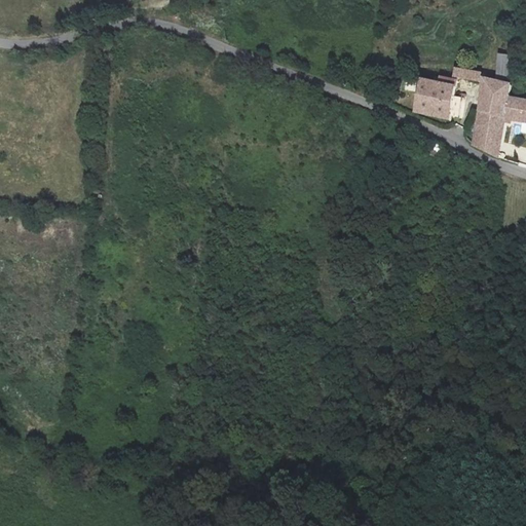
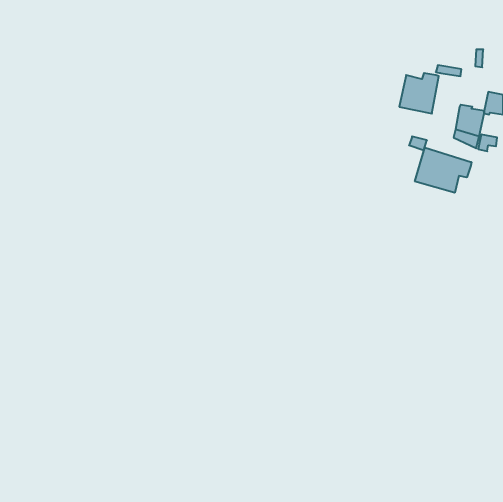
building: [479,77,510,115] -> none
building: none -> [415,147,471,193]

